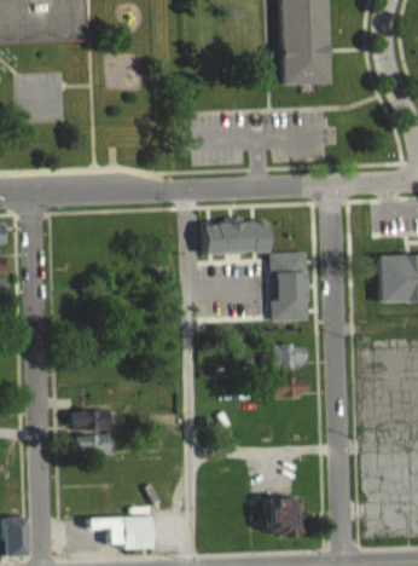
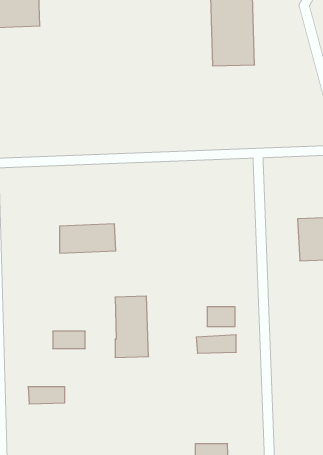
building: [205,225,268,258] -> [60,224,116,253]
building: [273,255,310,324] -> [115,296,149,357]
building: [75,414,111,433] -> [53,331,85,349]

